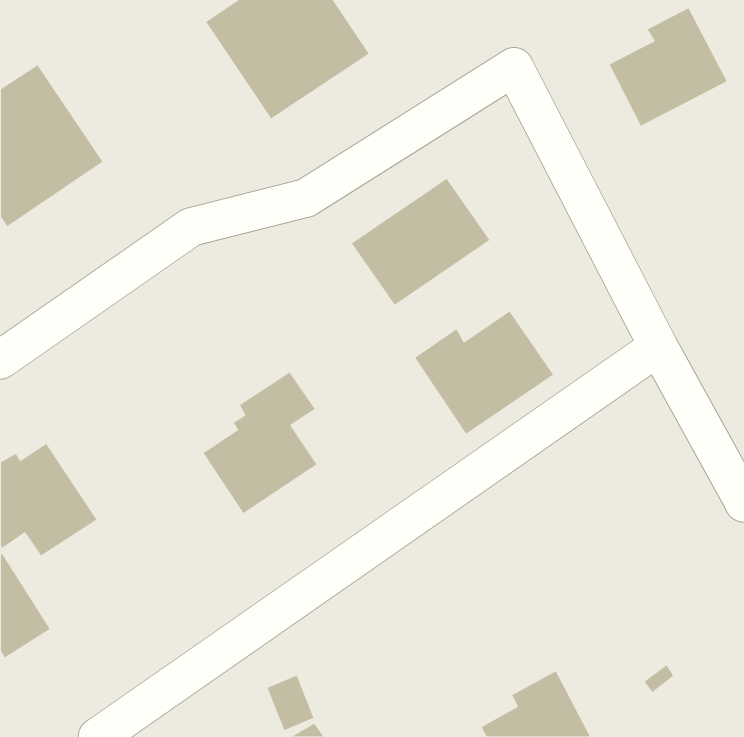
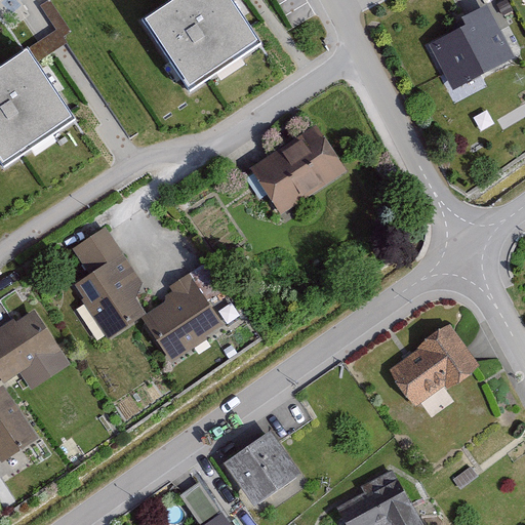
building: [414,310,554,435] -> none
building: none -> [70,228,146,340]
building: none -> [388,326,479,407]
building: none -> [223,432,301,509]

